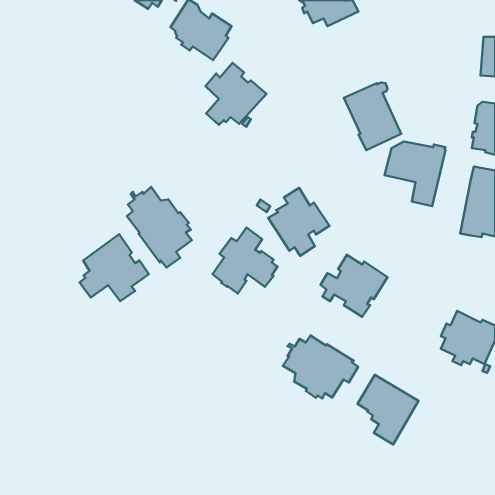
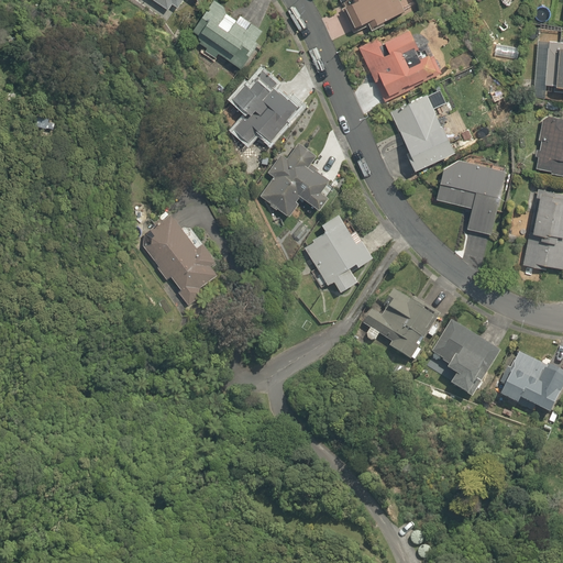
building: none -> [360,30,443,101]
building: [213,228,278,293] -> [261,142,334,217]
building: [80,234,149,301] -> none
building: [283,336,358,399] -> none
building: [357,375,418,445] -> [431,319,500,398]

